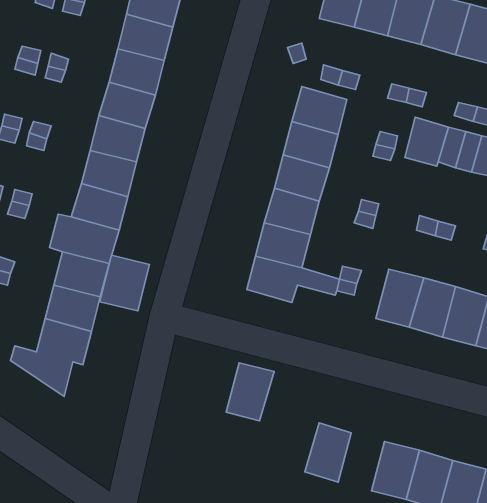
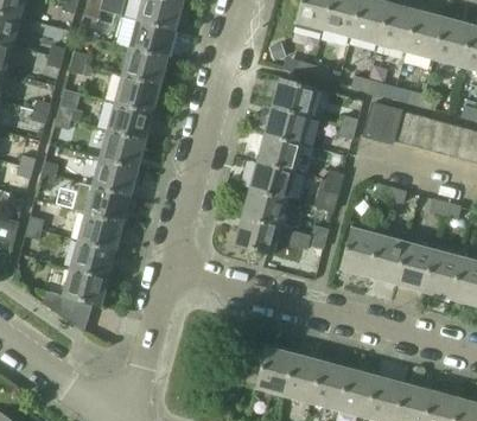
building: [100,255,149,311] -> none
building: [226,363,274,421] -> [255,345,294,393]
building: none -> [310,361,348,408]

